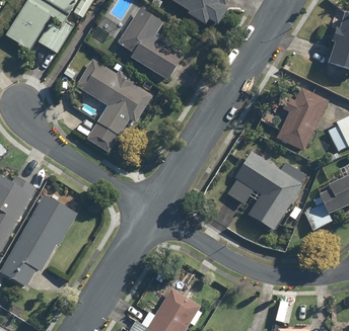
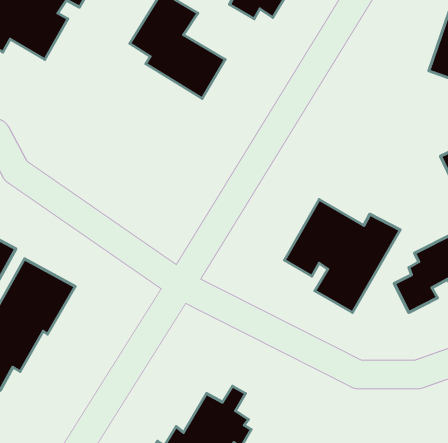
building: [76,59,152,153] -> none
building: [278,88,328,151] -> none

